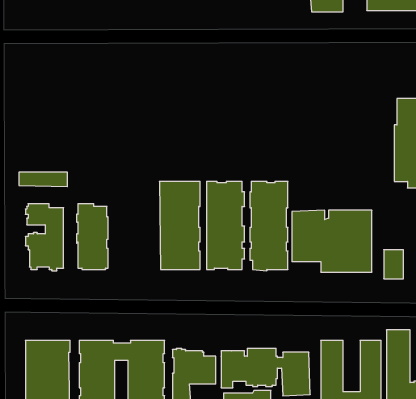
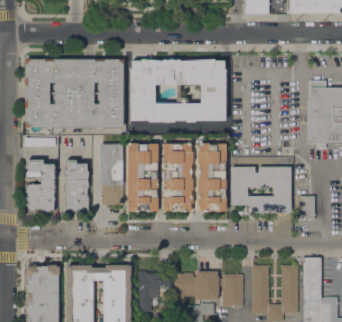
building: none -> [25,59,124,128]
building: none -> [130,59,226,122]
building: none -> [99,144,123,205]

